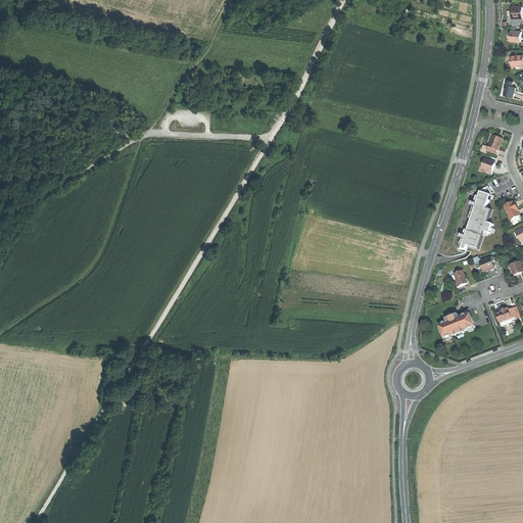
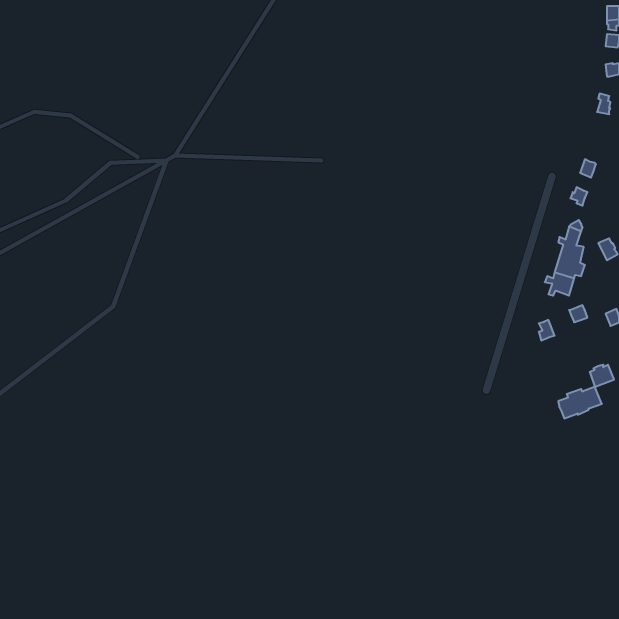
building: [437,311,474,337] -> [558,387,602,418]

